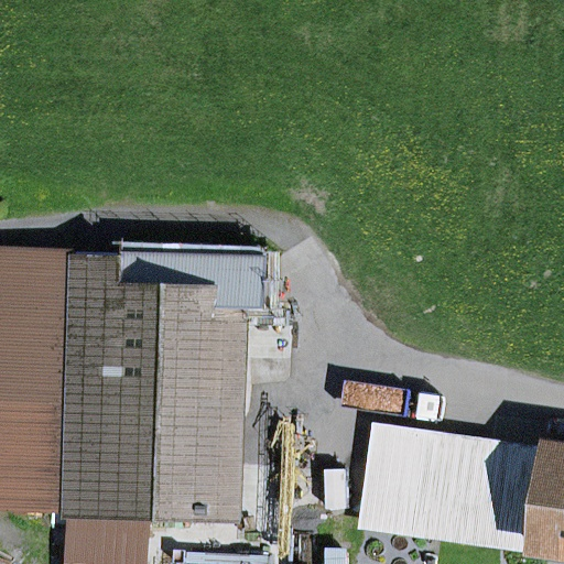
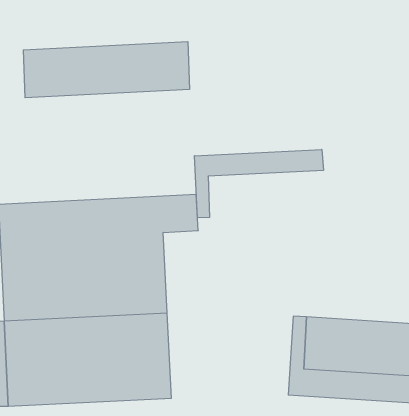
building: none -> [23,42,189,98]
building: none -> [194,149,323,218]

